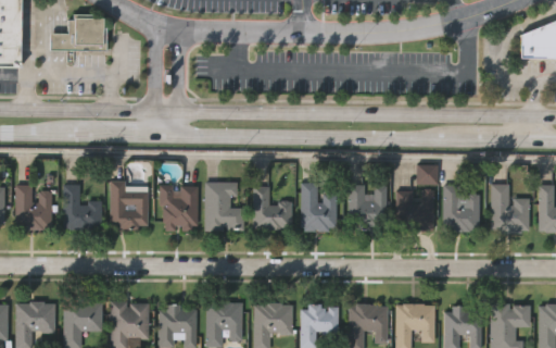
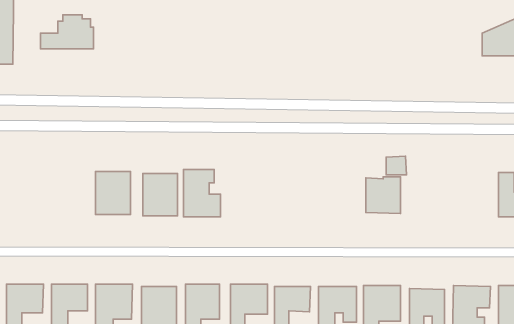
building: [301,182,336,229] -> none
building: [63,184,102,228] -> none
building: [253,184,292,228] -> none
building: [491,184,529,233] -> none
building: [16,185,51,228] -> none
building: [348,185,387,227] -> none
building: [443,185,479,231] -> none

